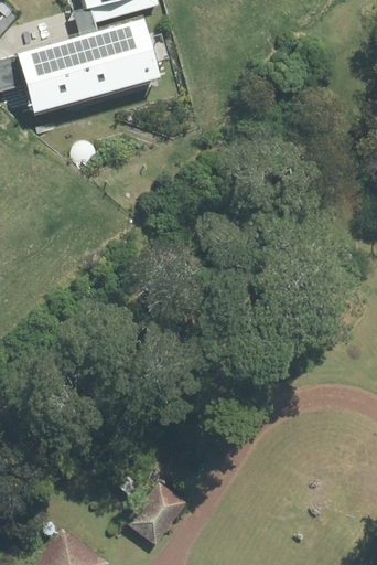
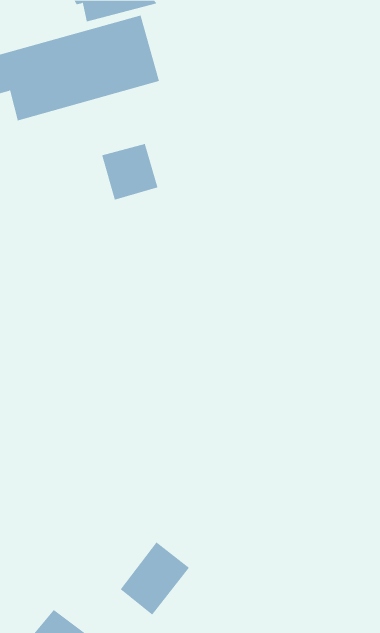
building: none -> [102,143,158,201]

